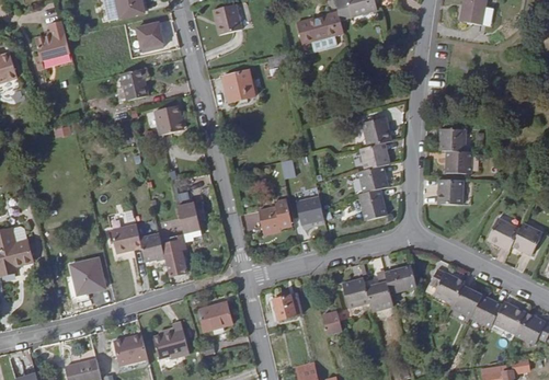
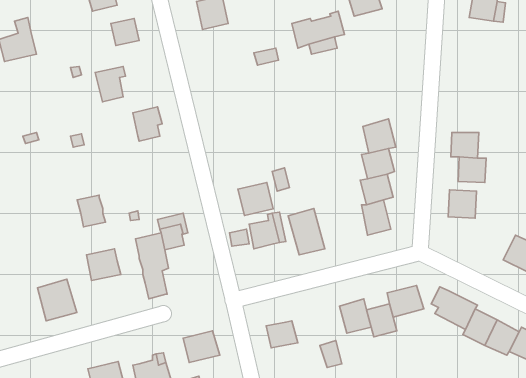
building: [220,68,252,102] -> none
building: none -> [238,183,273,216]
building: [140,237,165,265] -> [77,195,105,227]

